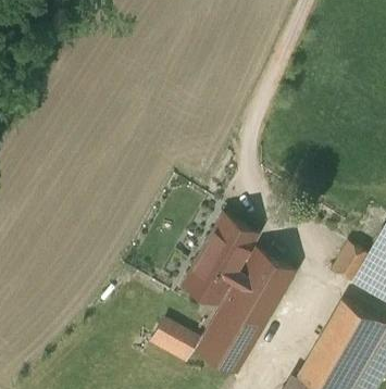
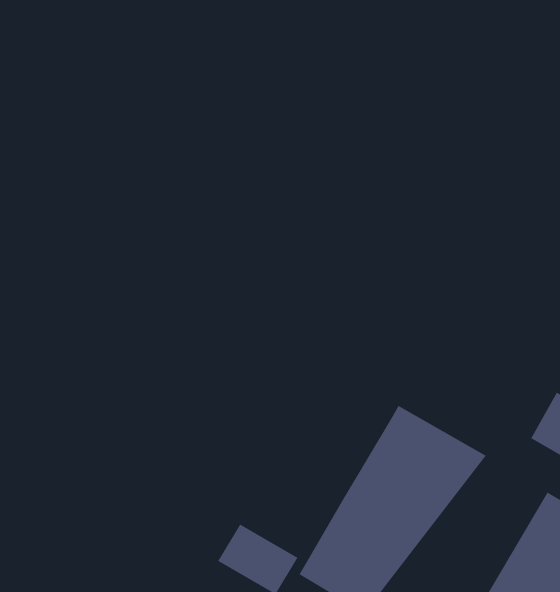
building: [184,215,258,303] -> none

